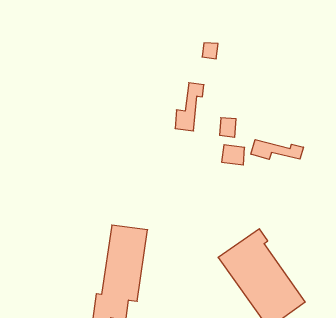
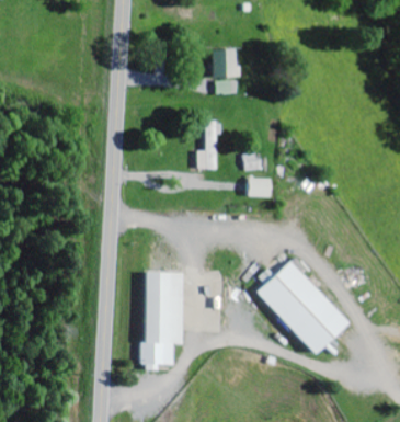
building: none -> [212,49,237,78]
building: [251,140,303,159] -> none

